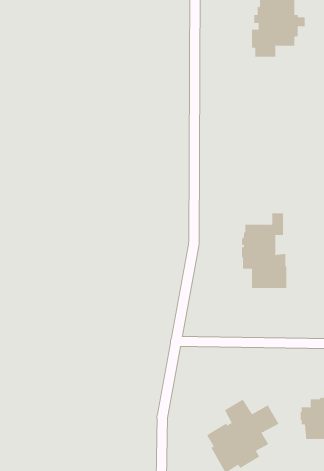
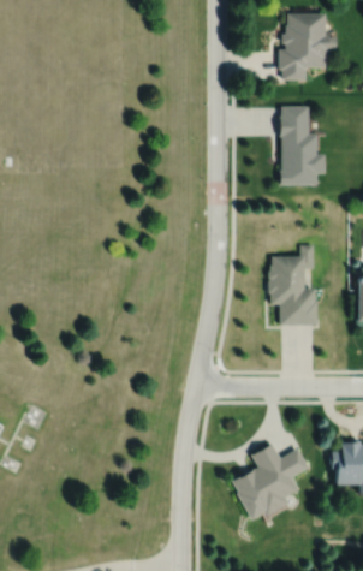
building: none -> [279,106,325,185]

